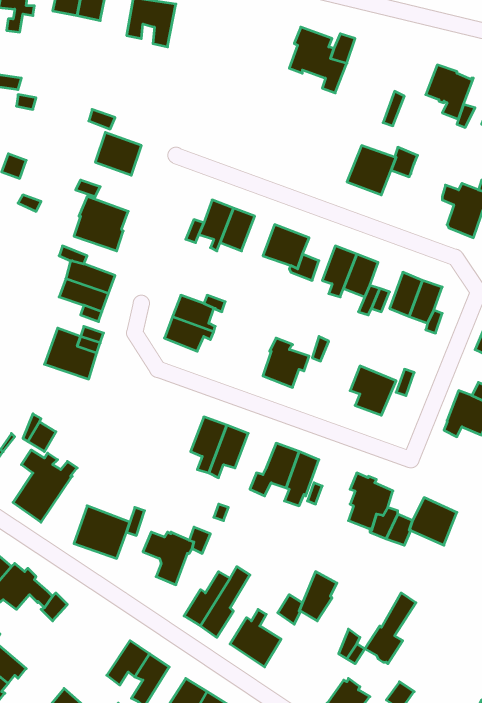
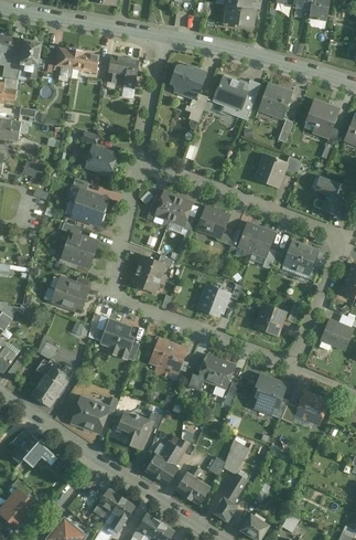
building: none -> [172,65,207,121]
building: none -> [257,84,291,118]
building: none -> [100,318,131,357]
building: [365,593,416,664] -> [212,474,246,521]

